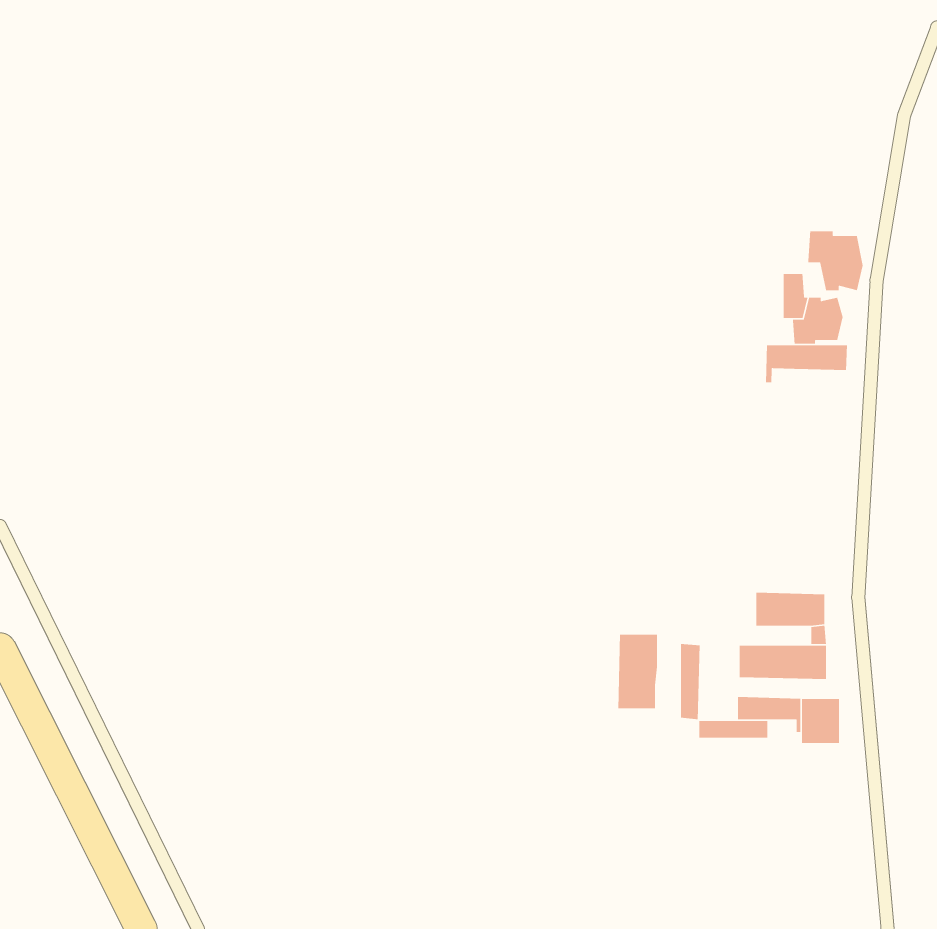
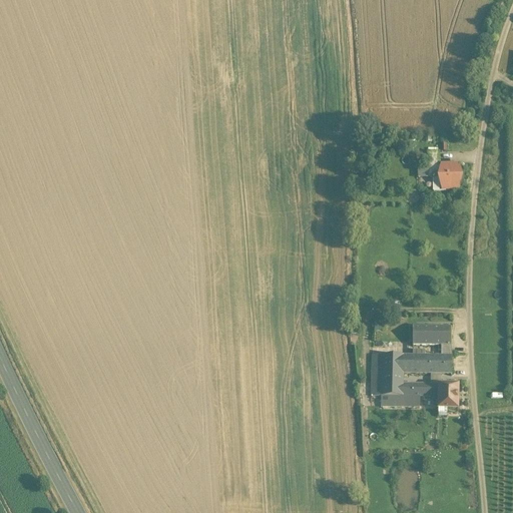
building: [808,231,863,291] -> none
building: [765,344,848,383] -> none
building: [617,634,658,709] -> [382,353,404,394]

